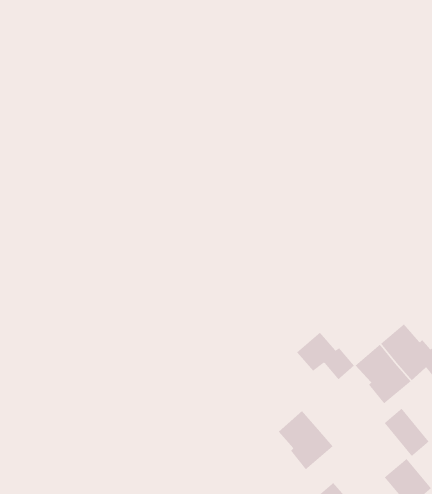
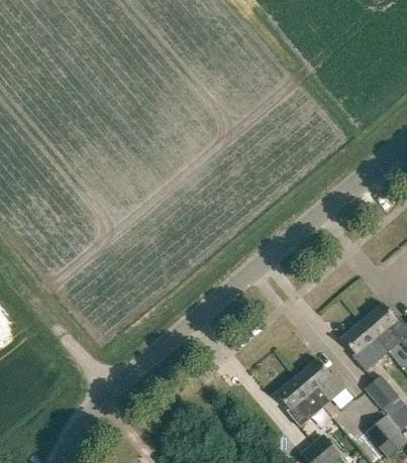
building: [296,332,355,380] -> [297,359,346,399]

